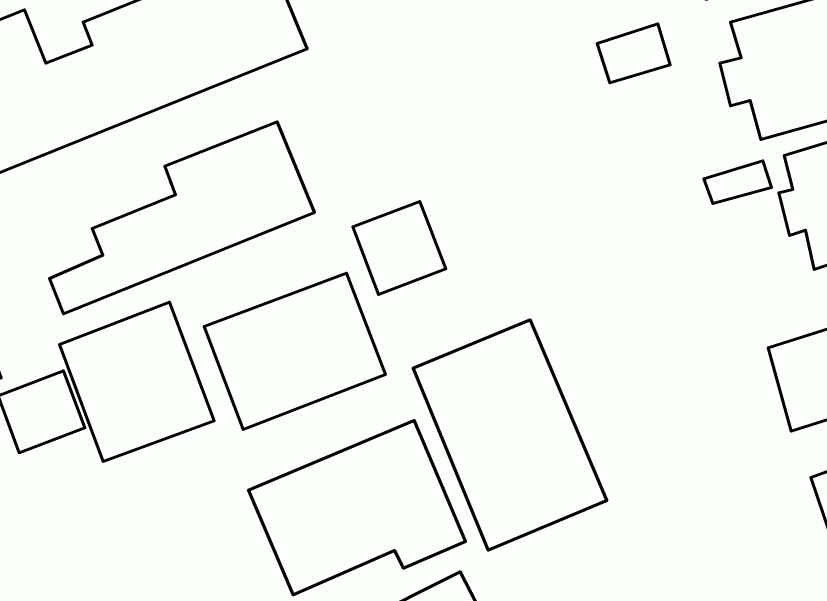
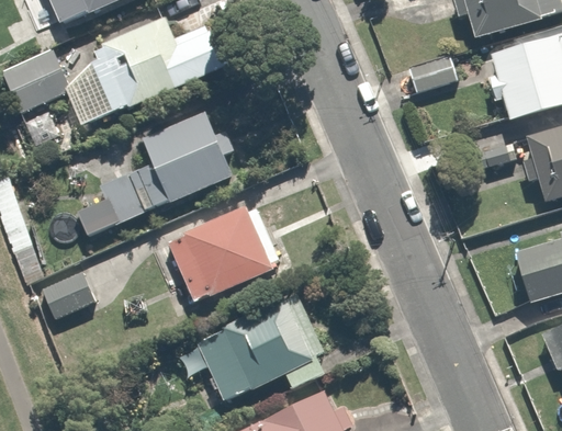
building: [353,201,446,294] -> none
building: [59,302,214,461] -> none
building: [413,320,607,550] -> none

